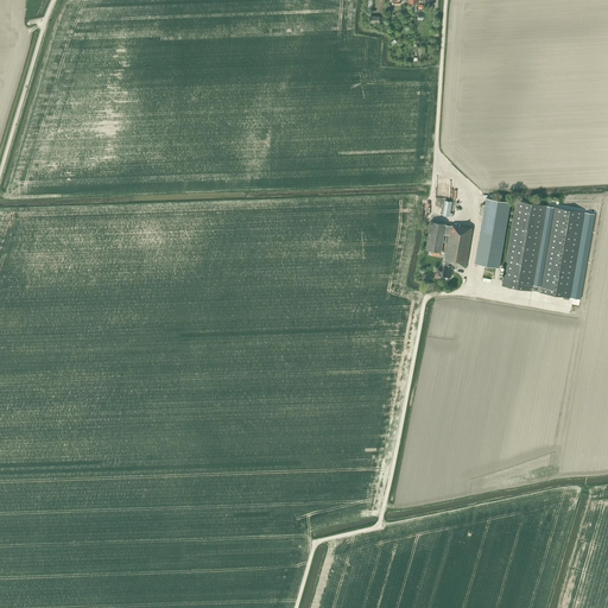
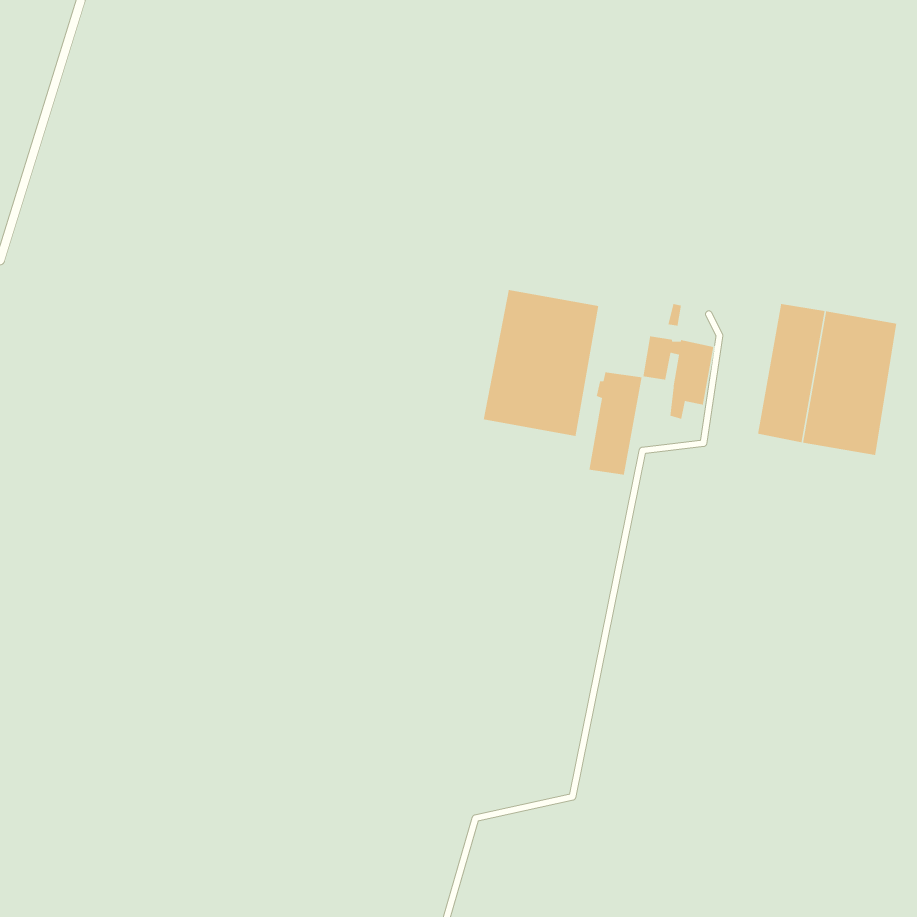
building: none -> [483,289,599,437]
building: [475,198,511,267] -> [589,371,642,476]

